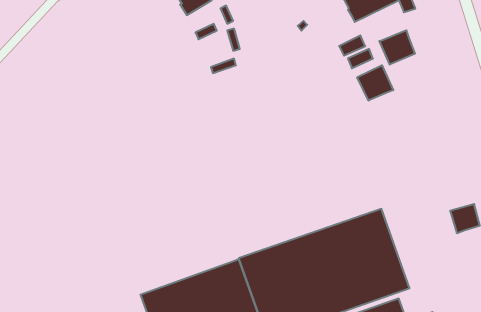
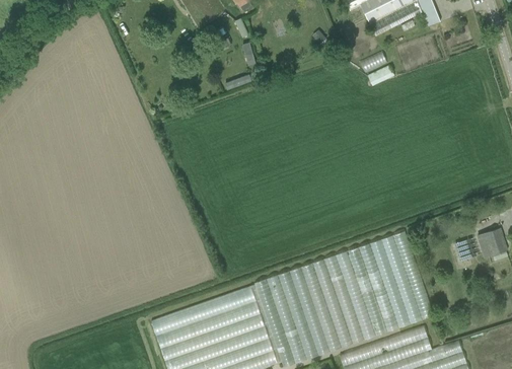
building: [379,30,415,65] -> none
building: [357,65,393,101] -> none

